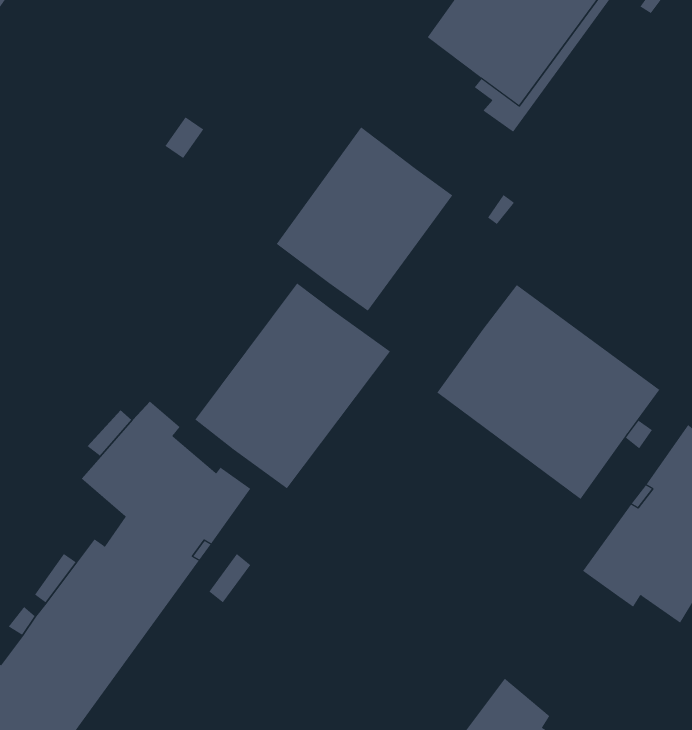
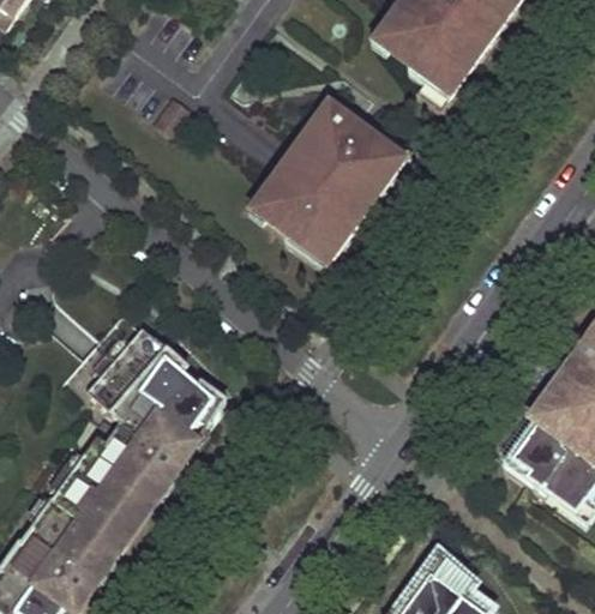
building: none -> [288,131,415,270]
building: [195,283,391,489] -> none
building: [437,284,660,500] -> none

